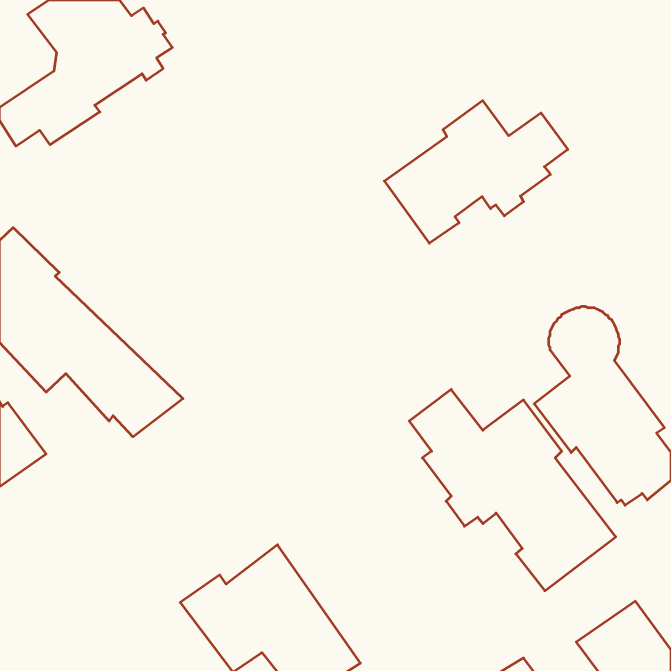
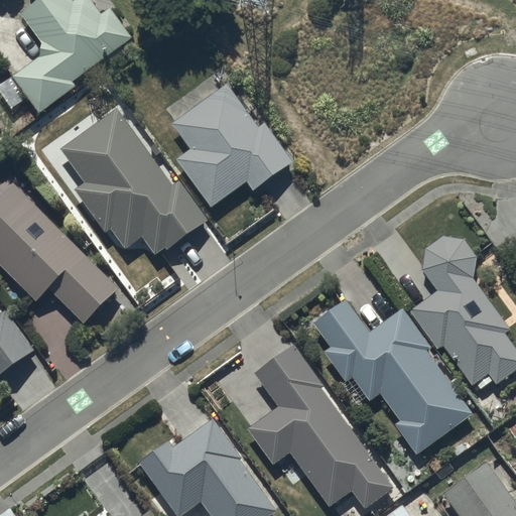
building: [384,101,568,243] -> none
building: none -> [172,84,292,208]
building: none -> [63,108,207,254]
building: none -> [247,344,396,508]

